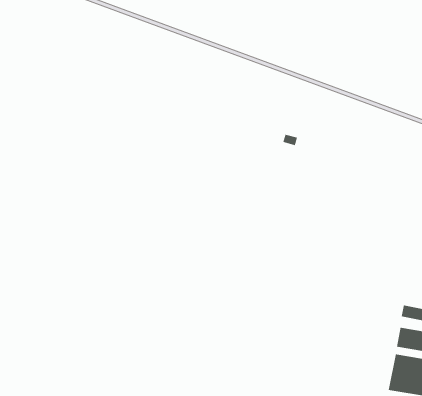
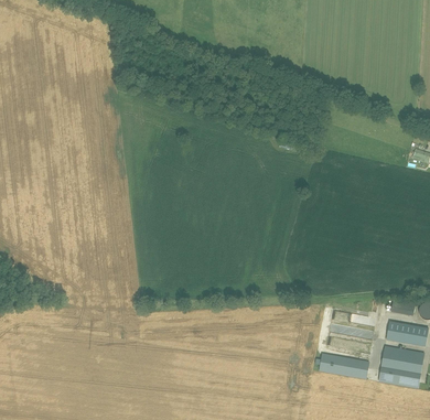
building: none -> [315,353,368,377]

